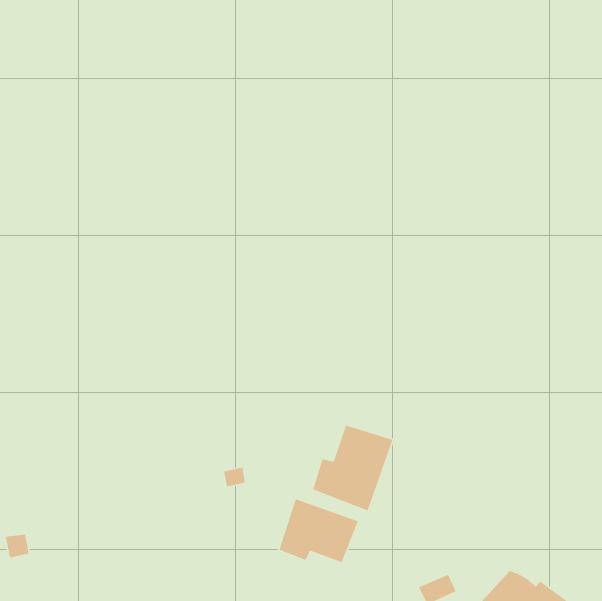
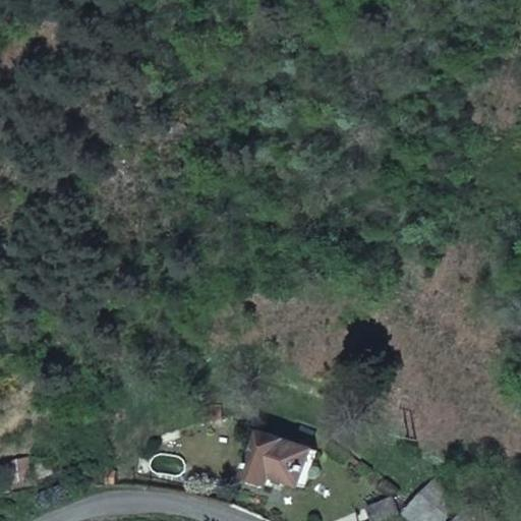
building: [312,424,394,512] -> none

